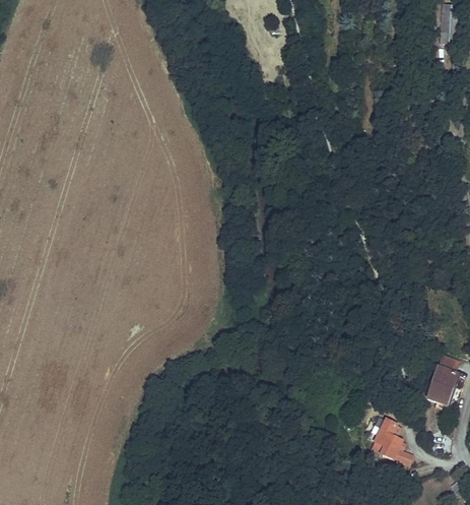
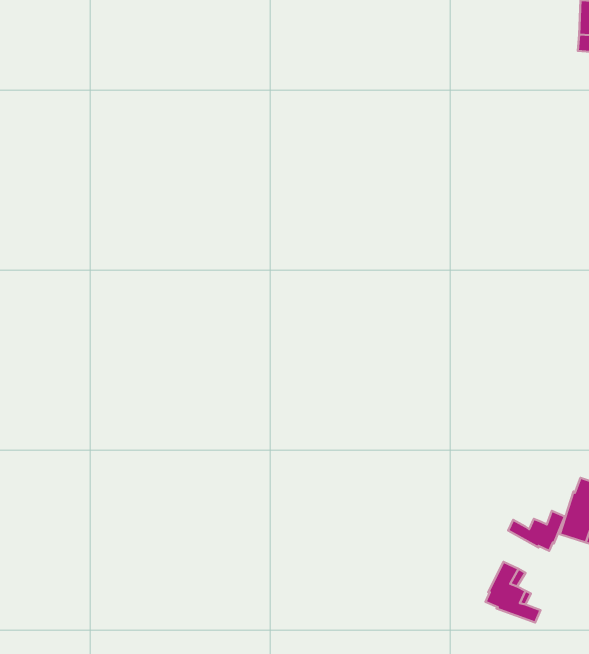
building: none -> [508,511,565,551]

